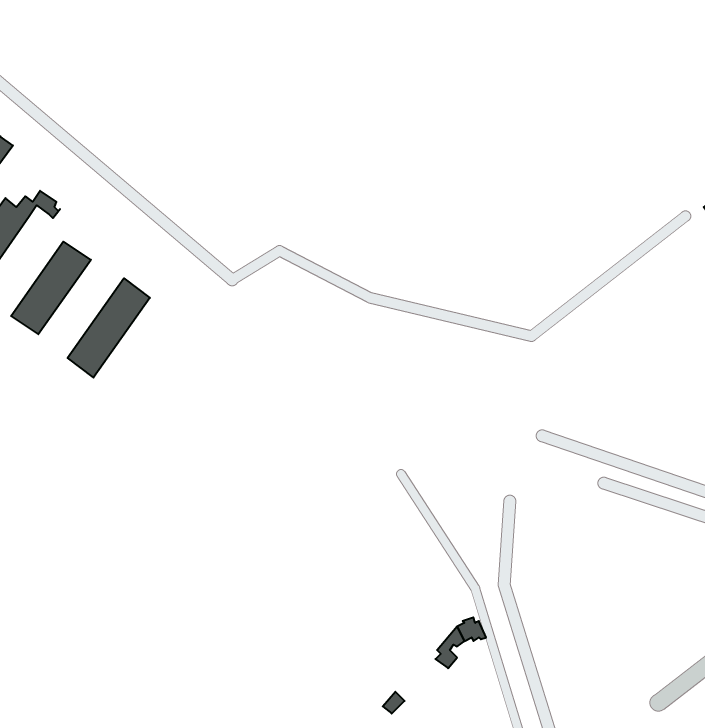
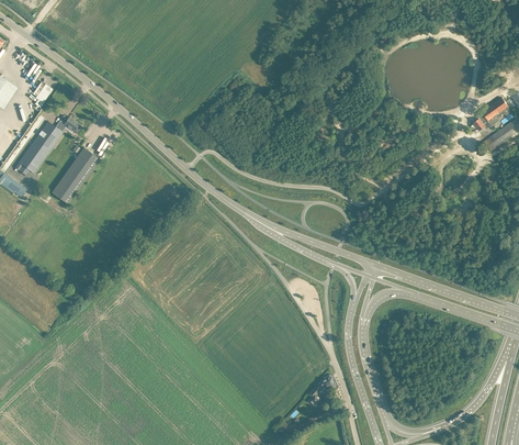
building: [68,278,150,378] -> none

